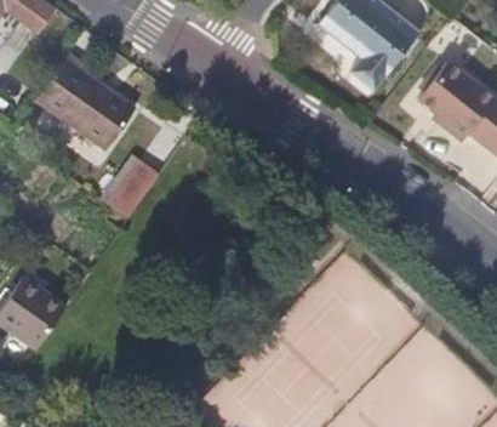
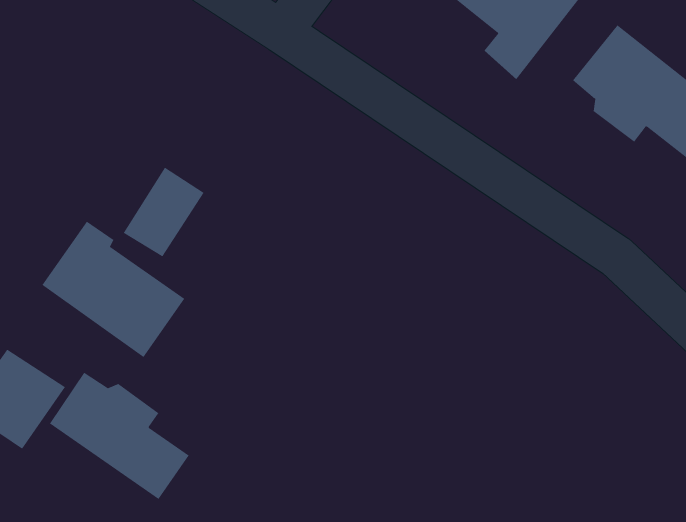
building: [33,55,133,150] -> [41,221,185,358]
building: none -> [49,372,189,500]

